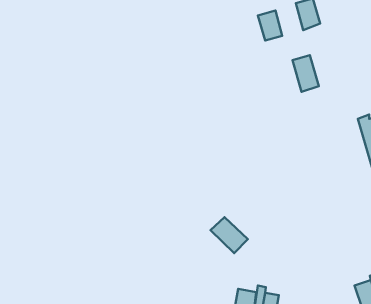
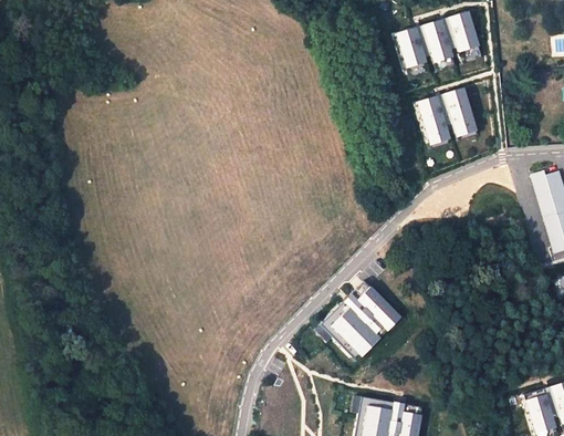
building: none -> [419,19,455,64]
building: none -> [416,96,451,145]
building: none -> [344,287,403,333]

